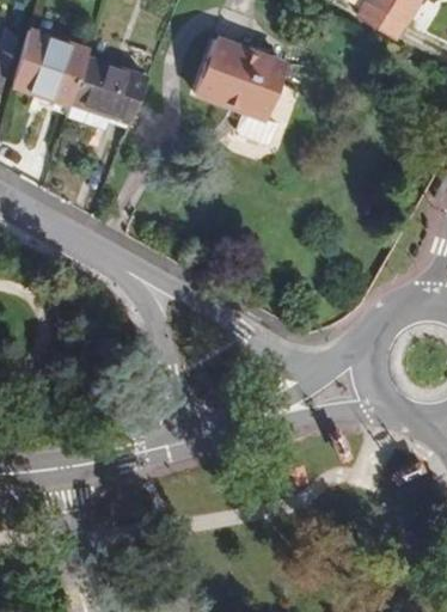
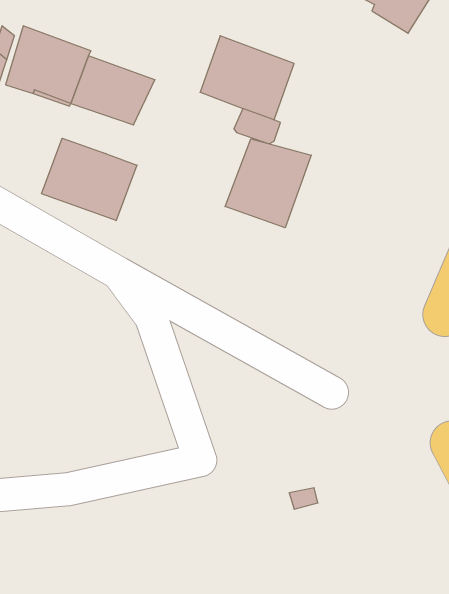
building: none -> [41,138,137,221]
building: none -> [225,139,311,228]

